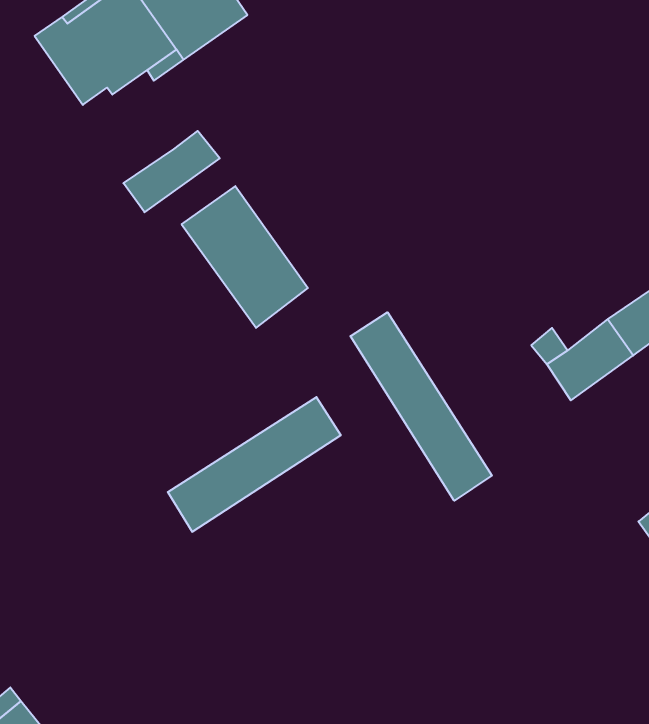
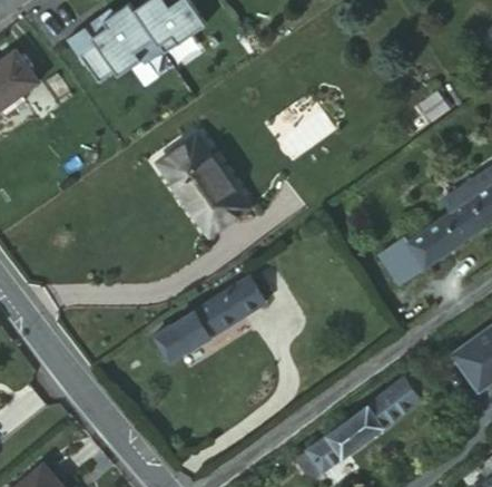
building: [123,131,220,212] -> none
building: [350,312,492,501] -> none
building: none -> [294,371,429,479]

